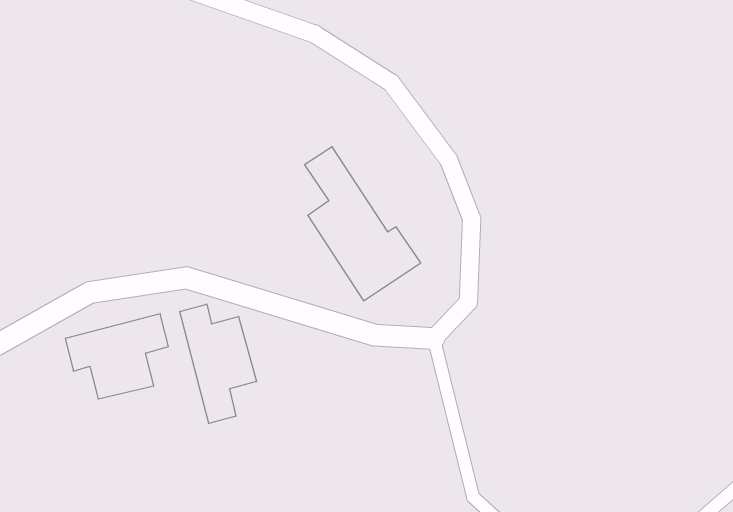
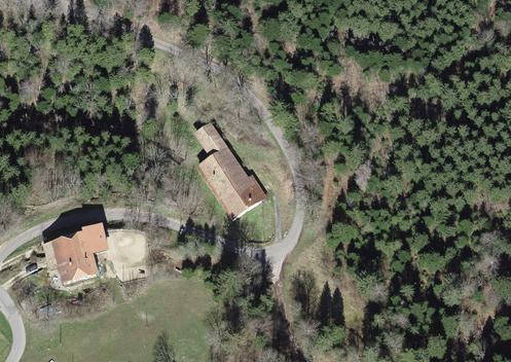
building: [180,304,256,424] -> none

